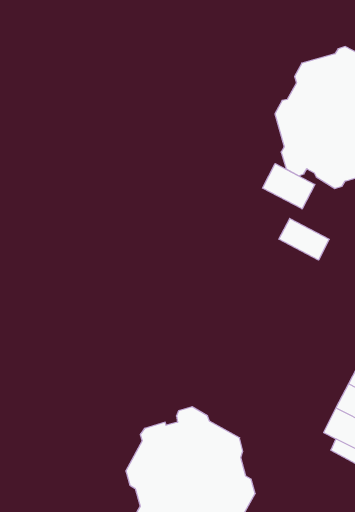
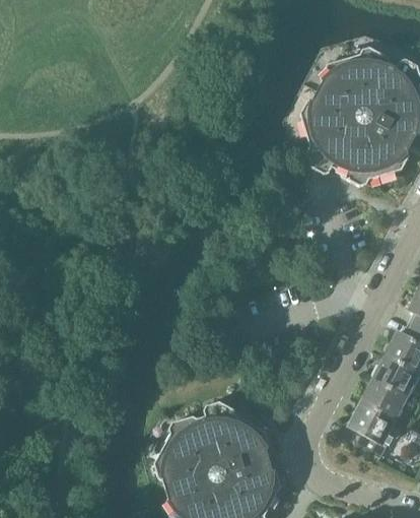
building: [263,164,315,209] -> none
building: [279,218,329,260] -> none

